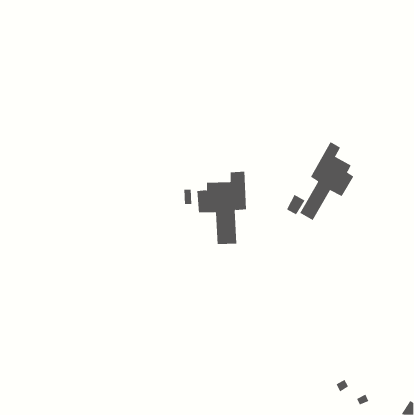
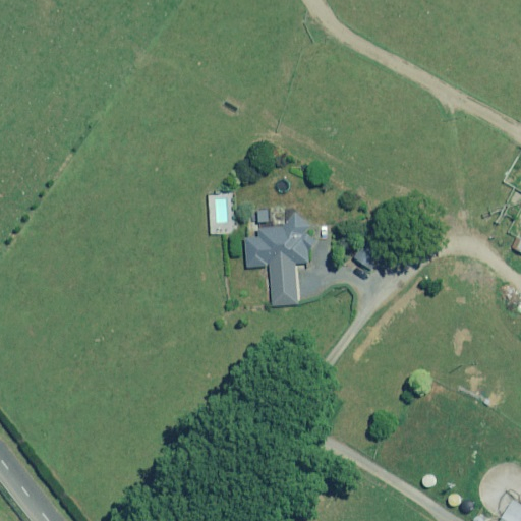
building: [299,141,354,221] -> none

